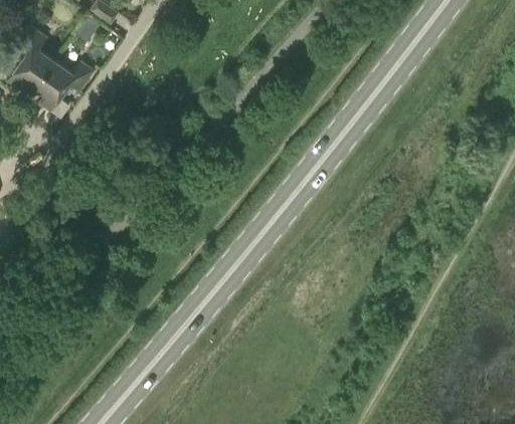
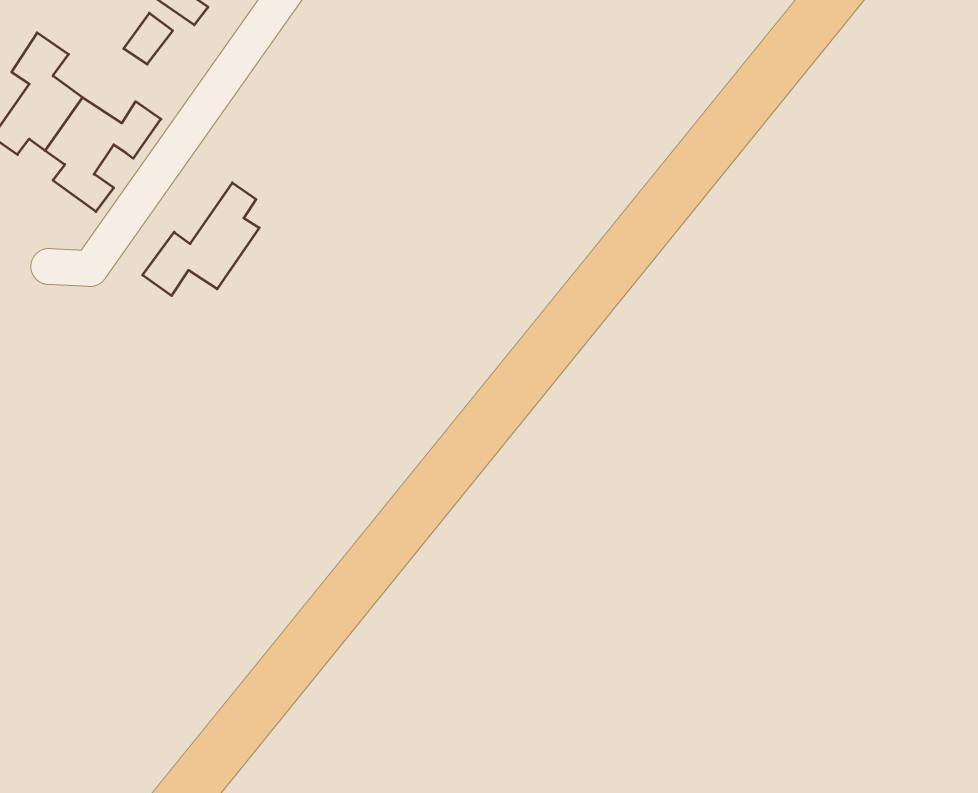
building: none -> [143,183,259,296]

